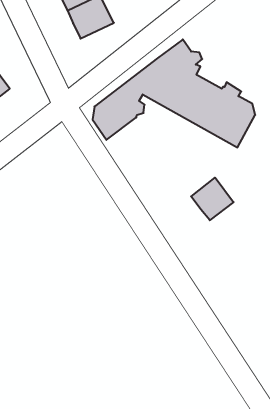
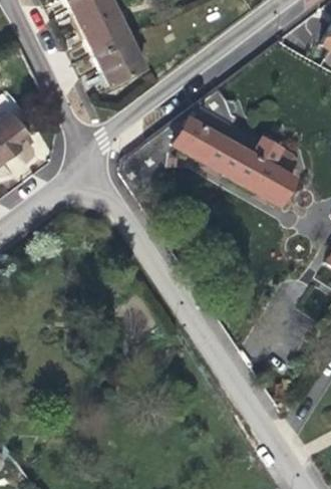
building: [191,178,234,220] -> none

